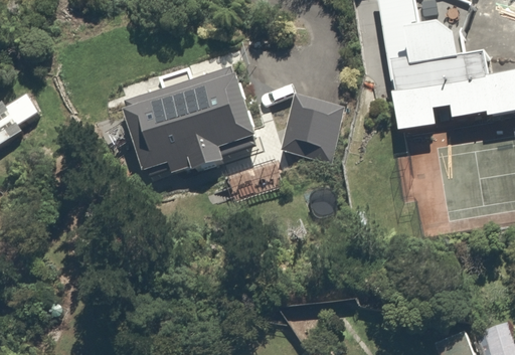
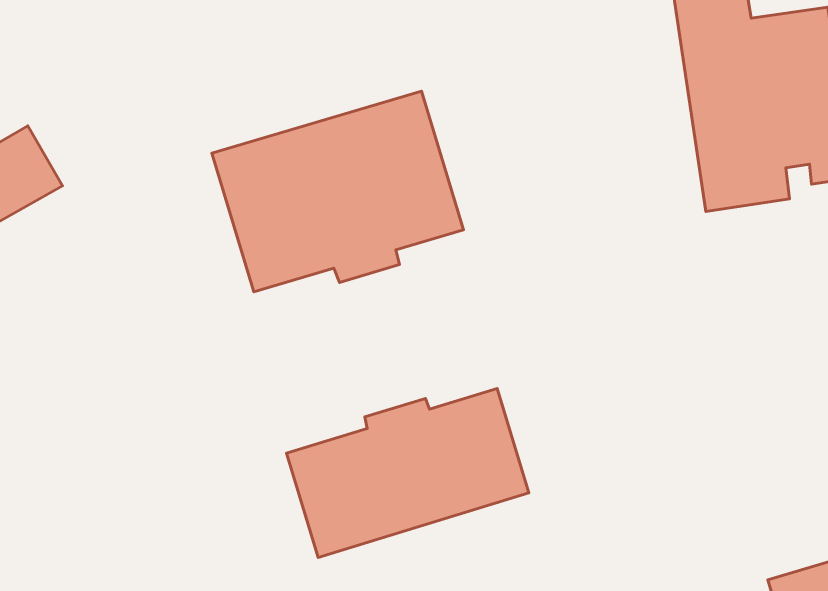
building: [277,93,341,162] -> none
building: none -> [287,388,529,558]

